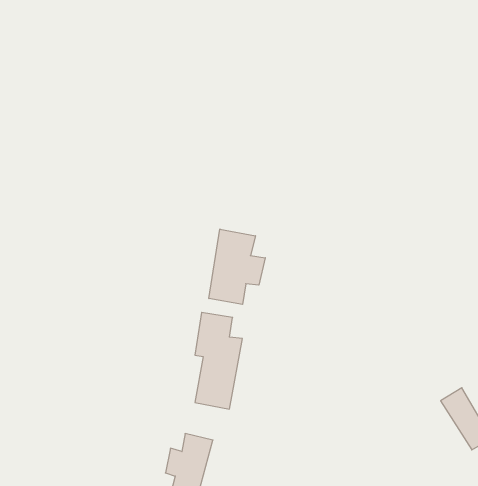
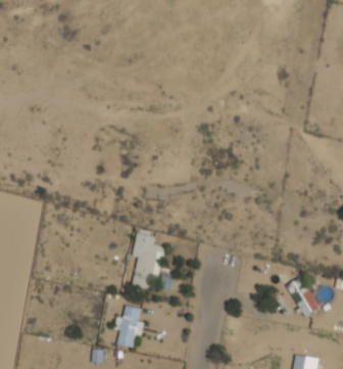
building: [209,229,265,304] -> none

